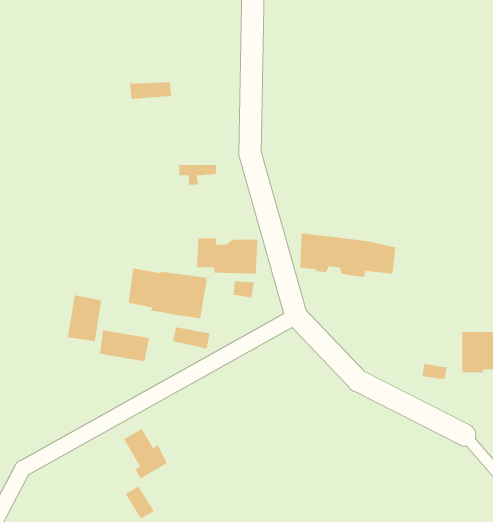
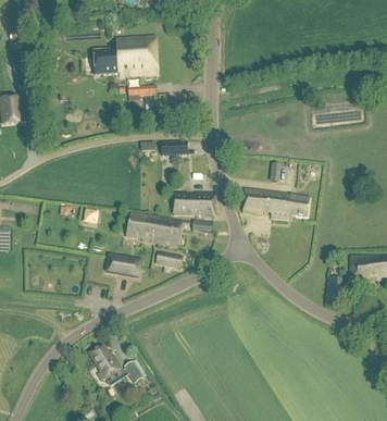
building: none -> [92,34,157,74]
building: [67,295,102,342] -> none
building: [123,428,168,479] -> [89,344,120,379]

